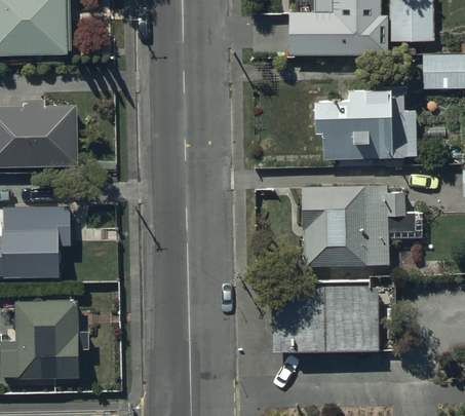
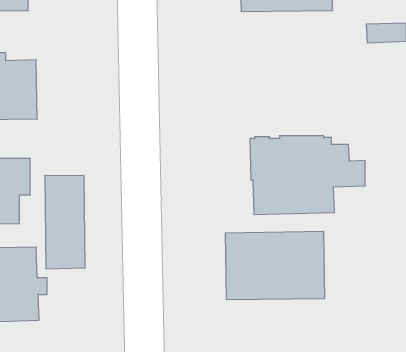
building: [312,86,415,160] -> none
building: none -> [45,175,85,269]

